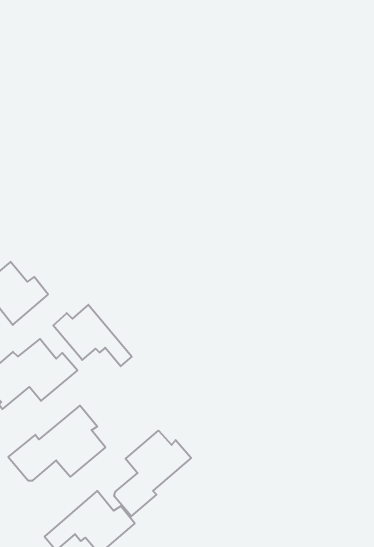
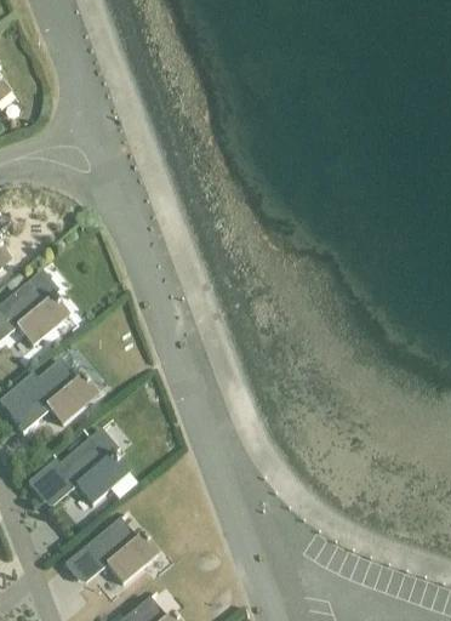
building: [53,305,132,366] -> none
building: [114,431,191,516] -> none

